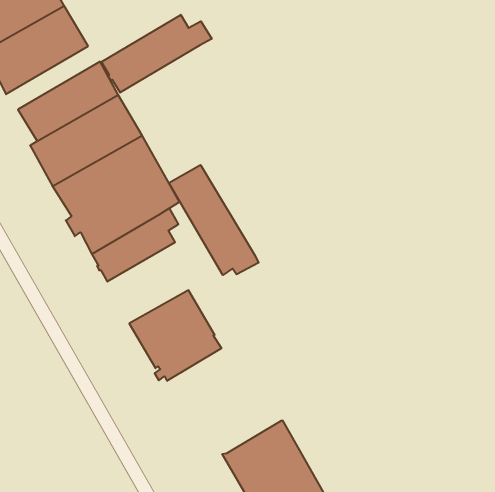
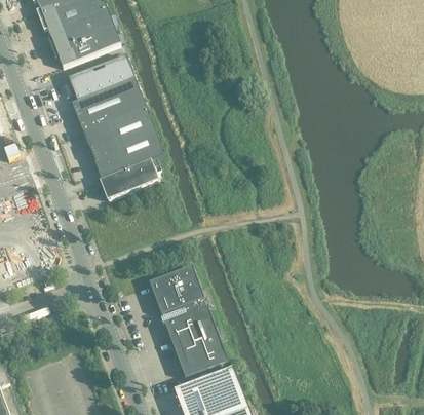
building: [101,15,212,93] -> none
building: [169,165,259,275] -> none
building: [129,290,222,381] -> [149,265,206,322]

